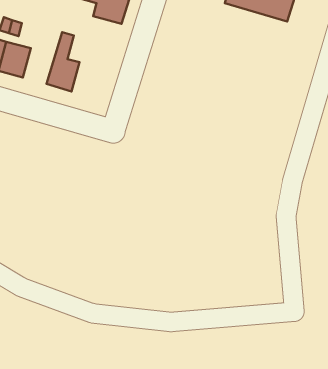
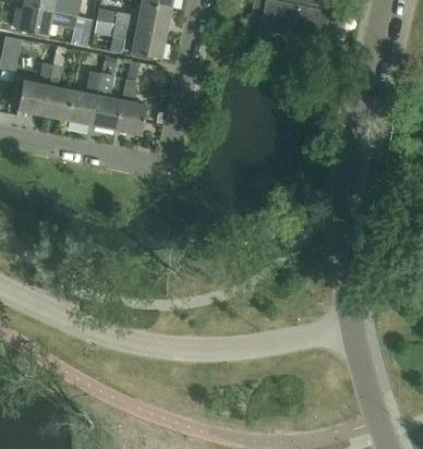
building: none -> [68,70,102,124]
building: none -> [117,78,147,134]

